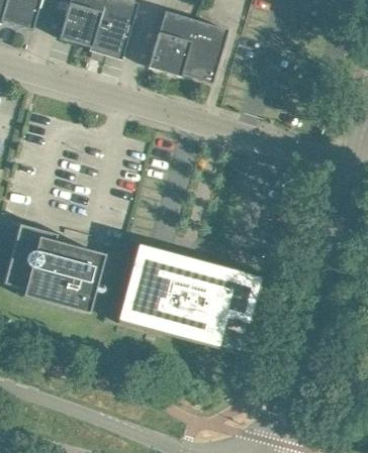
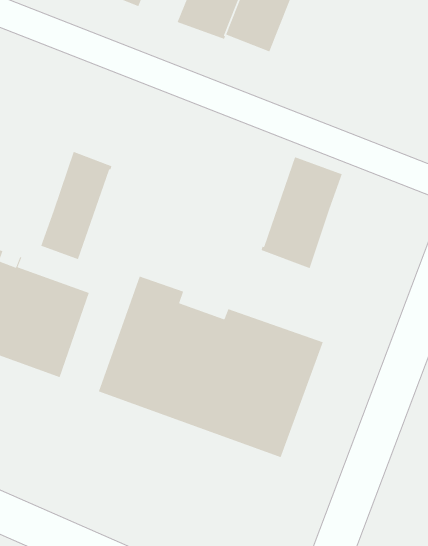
building: none -> [261,156,343,269]
building: none -> [40,151,113,260]

